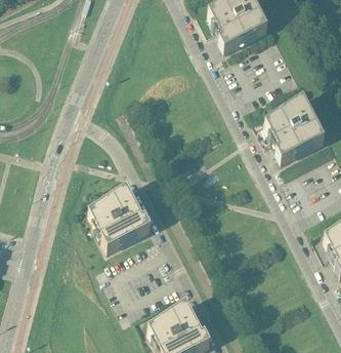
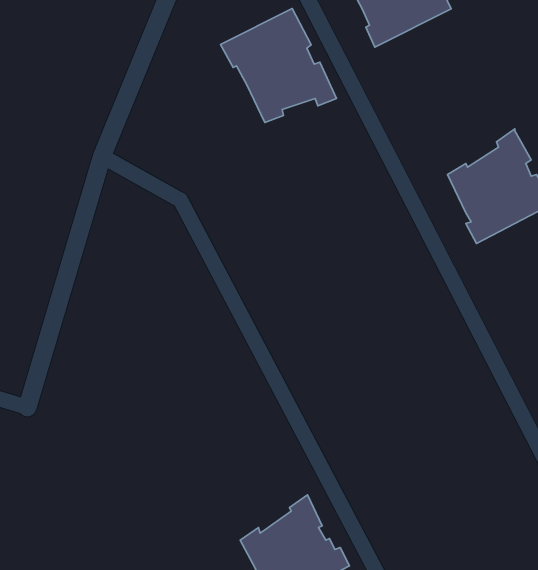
building: none -> [221,9,336,122]
building: [88,186,150,248] -> none

